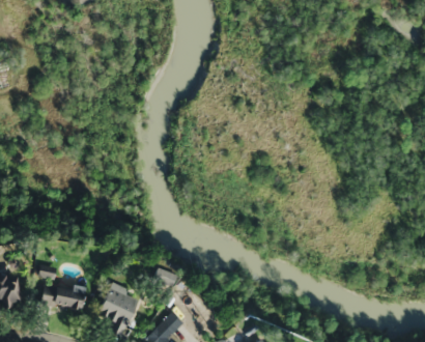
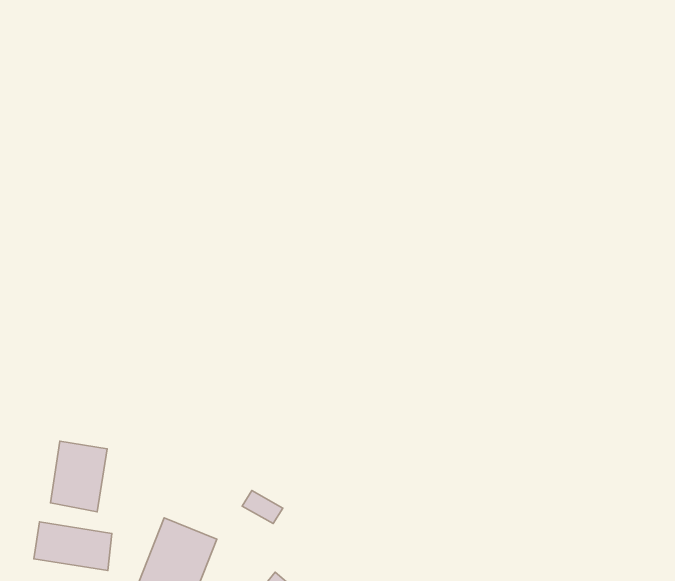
building: none -> [50,441,107,512]

